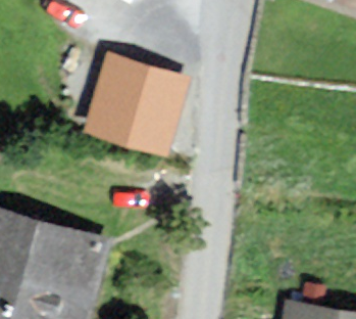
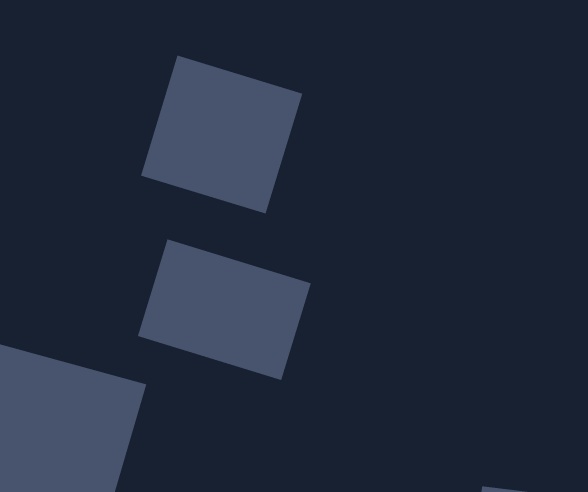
building: none -> [137,239,311,381]

